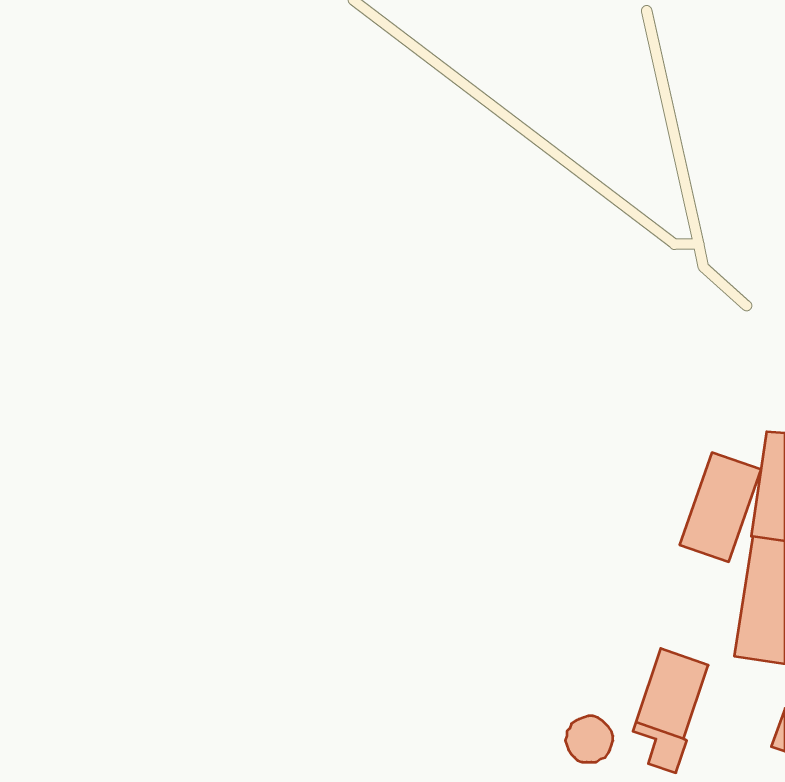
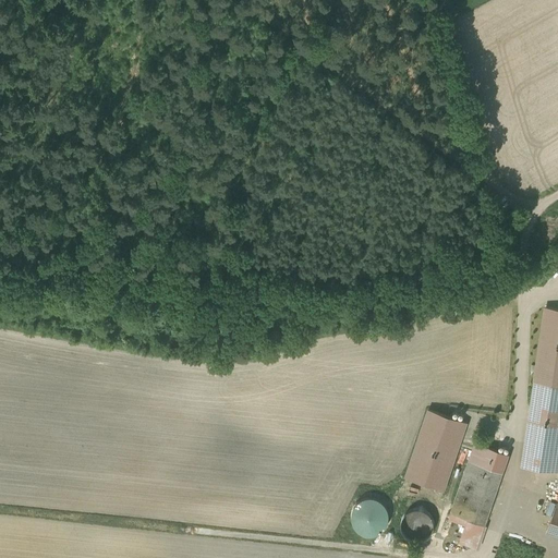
building: [680,453,761,562] -> [408,412,465,489]
building: none -> [469,445,509,474]
building: none -> [350,498,389,536]

